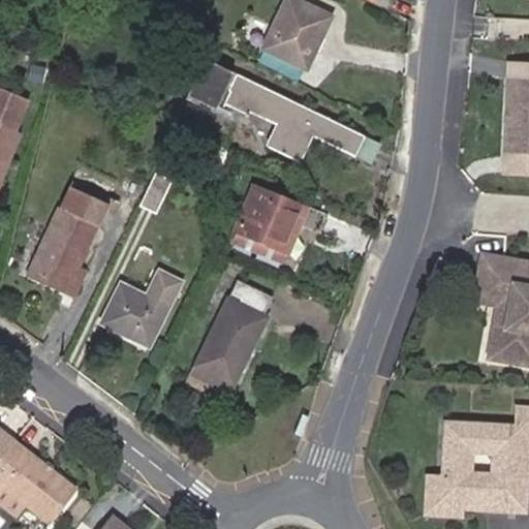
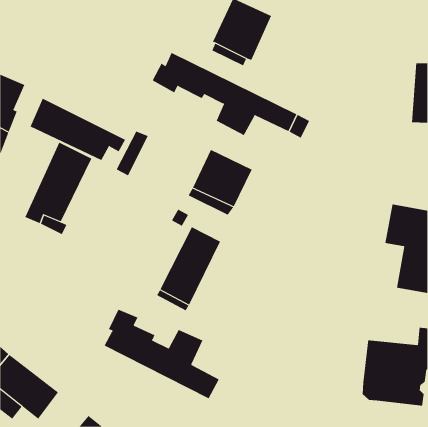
building: none -> [30,98,126,161]
building: [98,272,185,354] -> none
building: none -> [104,309,219,399]
building: [427,470,464,510] -> none

